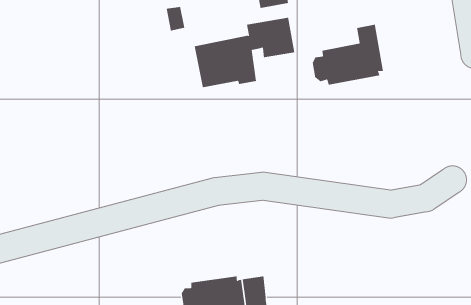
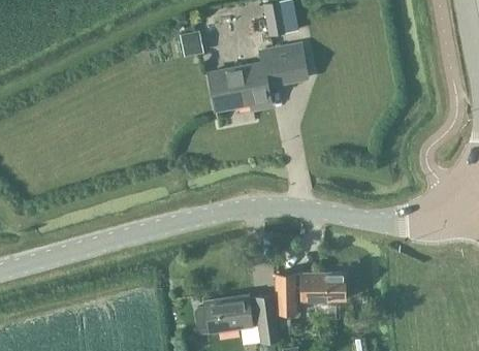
building: [312,24,384,85] -> none
building: none -> [276,273,345,315]

